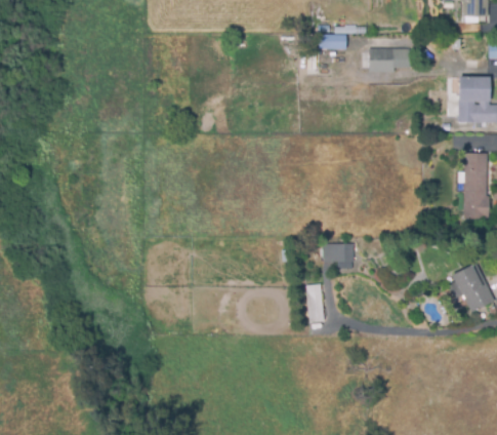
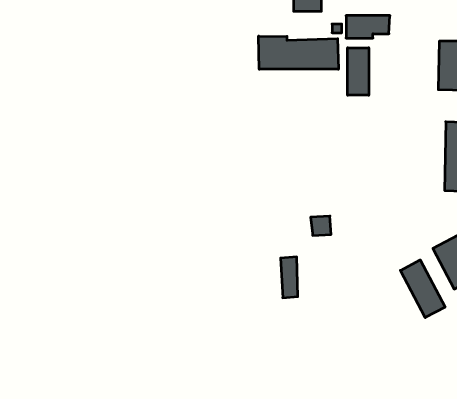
building: none -> [259,36,338,69]
building: none -> [348,48,369,95]
building: none -> [400,260,445,318]

